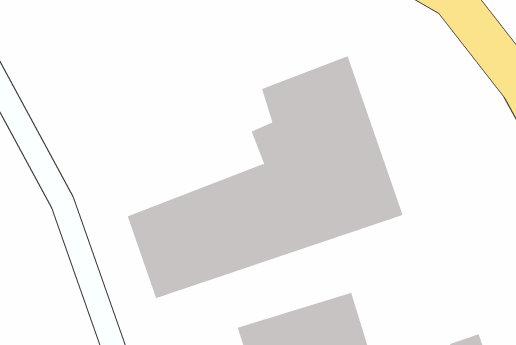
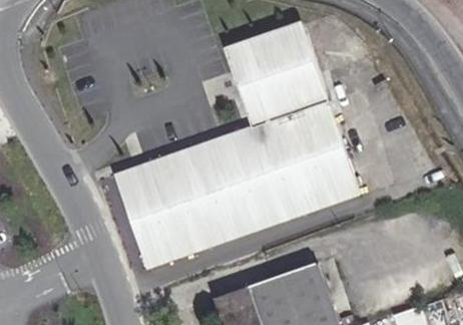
building: none -> [221,17,315,89]
building: none -> [108,126,241,201]

